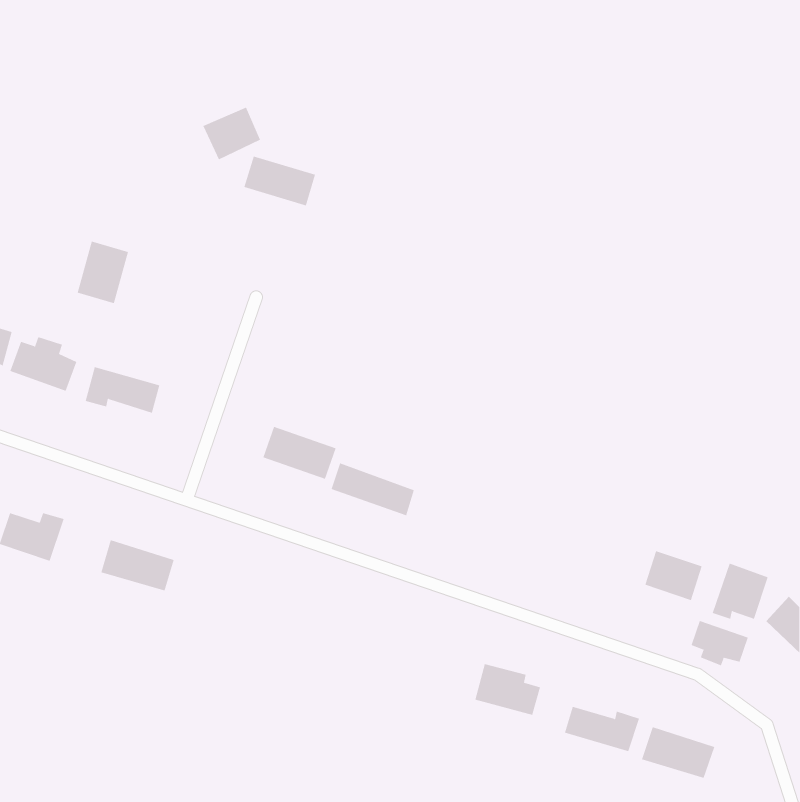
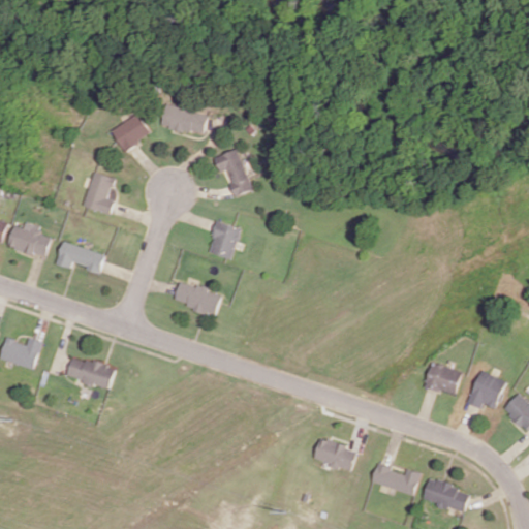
building: [203,107,261,160] -> [111,115,149,150]
building: none -> [214,149,252,196]
building: [77,241,129,304] -> [83,173,117,214]
building: none -> [207,221,241,259]
building: [331,462,415,516] -> none
building: [691,620,748,666] -> none

